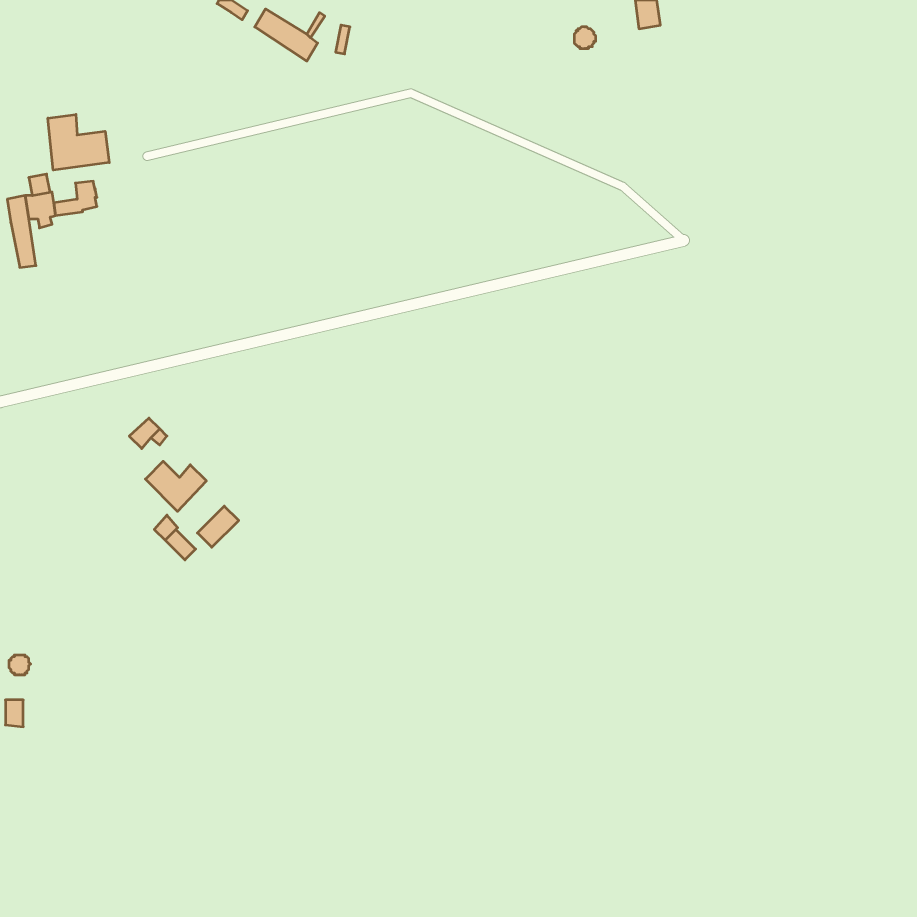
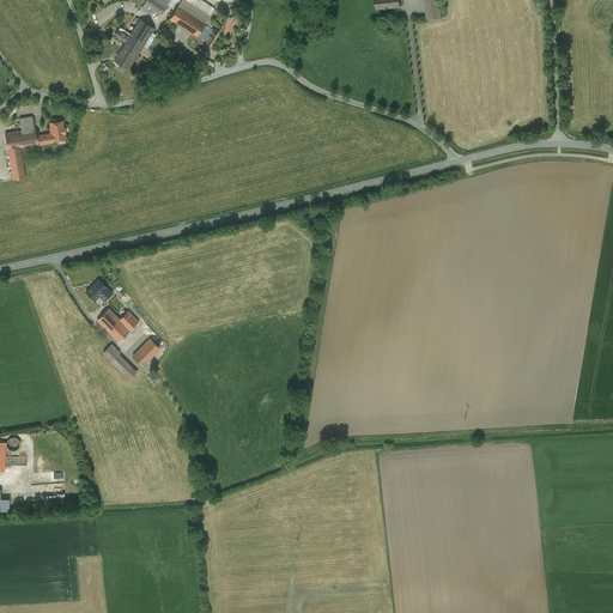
building: none -> [114,19,156,68]
building: [48,114,109,170] -> none

